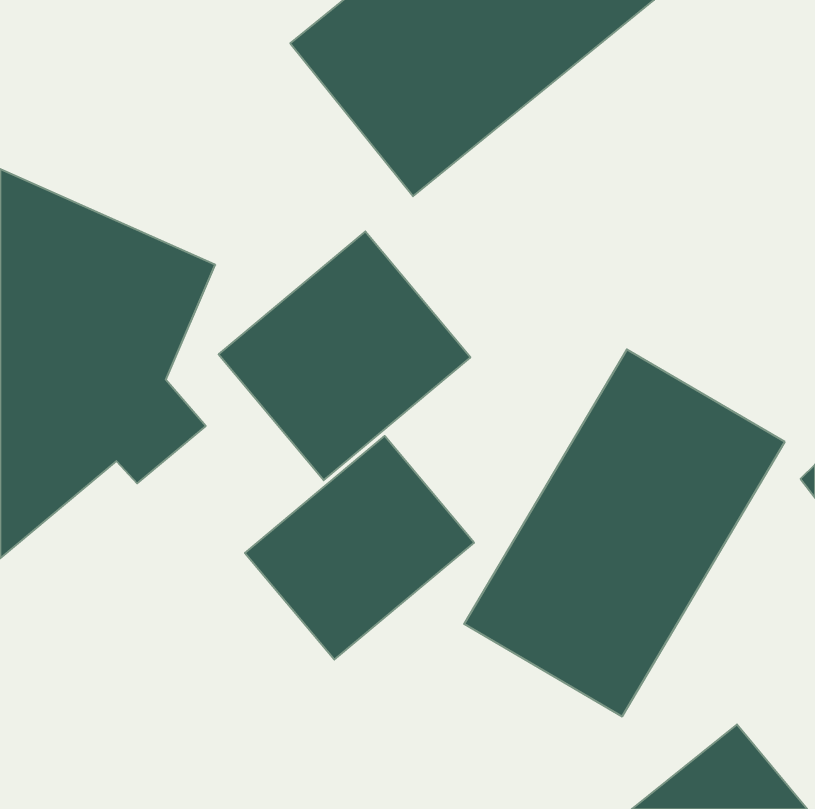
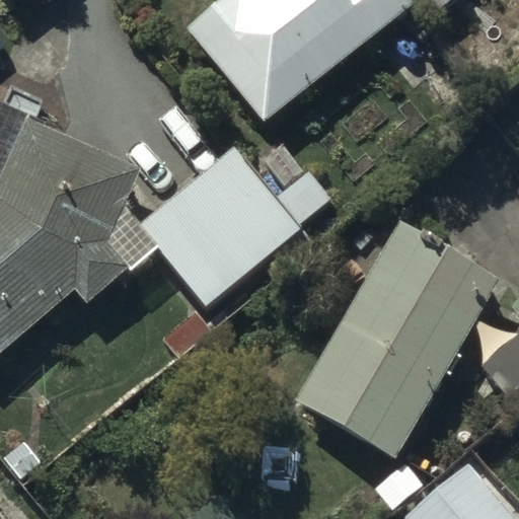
building: [245,436,474,660] -> none

